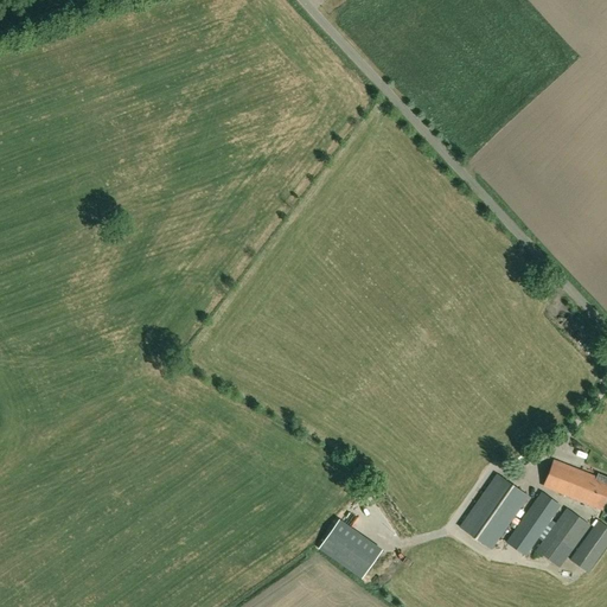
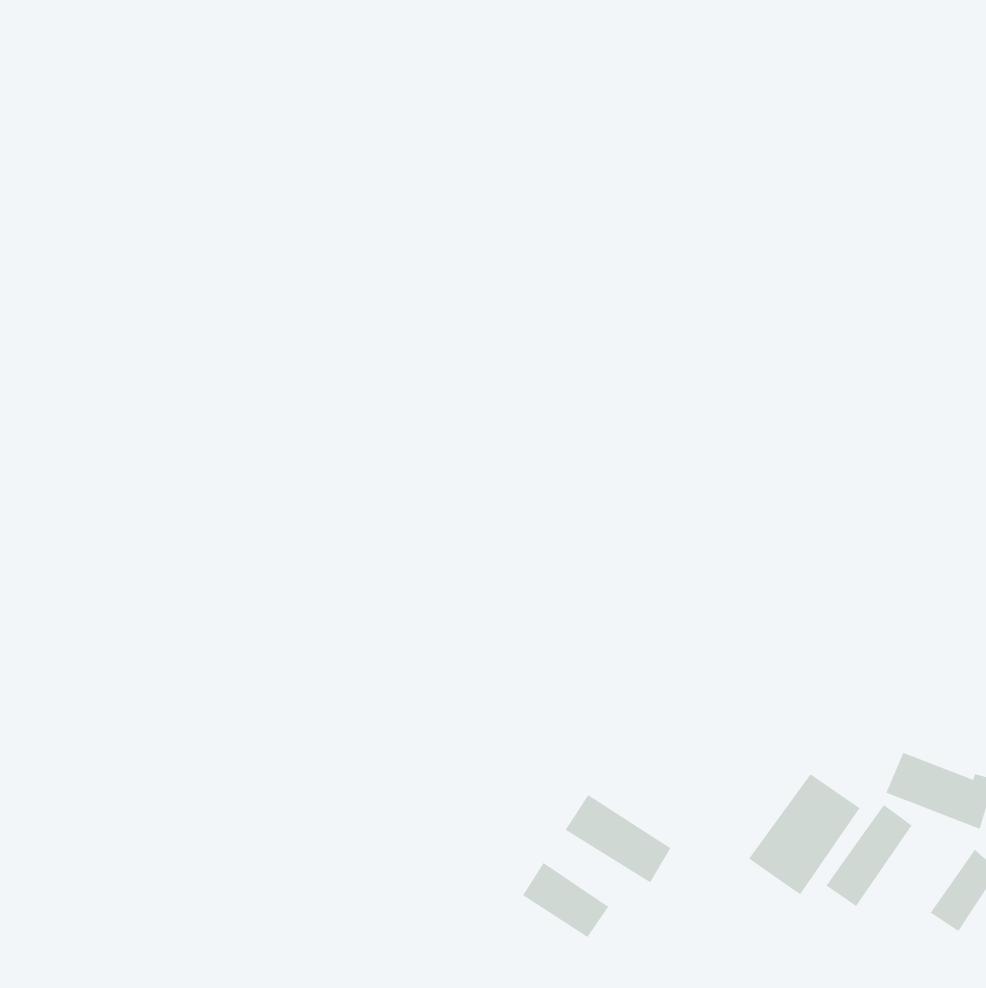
building: none -> [565,794,671,883]
building: [538,509,590,567] -> none

